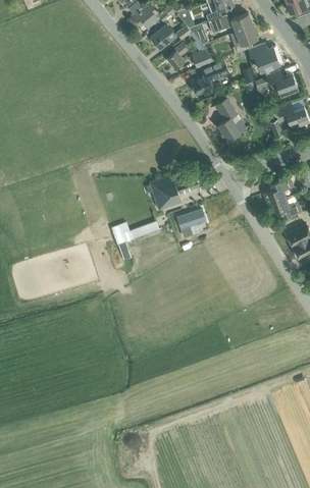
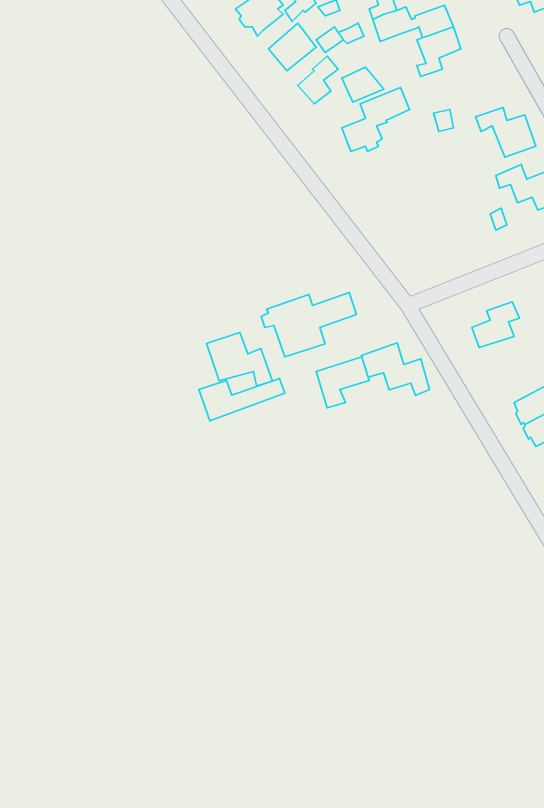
building: [248,43,281,71] -> none
building: [216,99,246,140] -> none
building: none -> [207,332,272,386]
building: [267,196,298,218] -> none
building: none -> [362,343,430,396]

